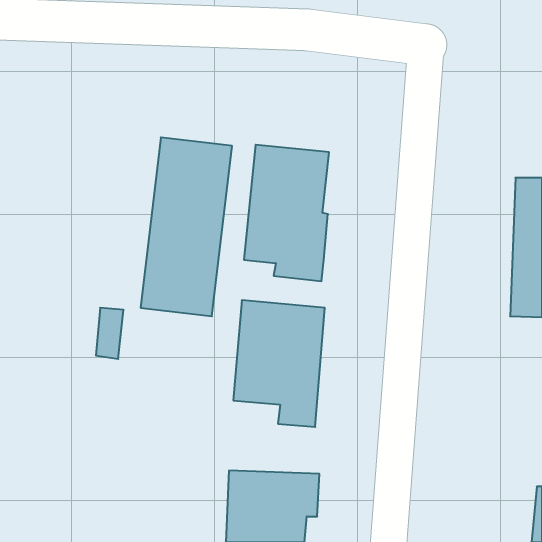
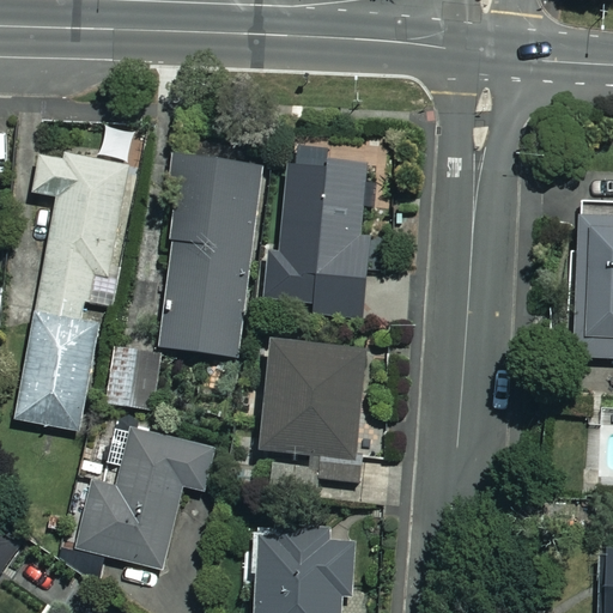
building: none -> [14,126,139,432]
building: none -> [75,418,216,570]

